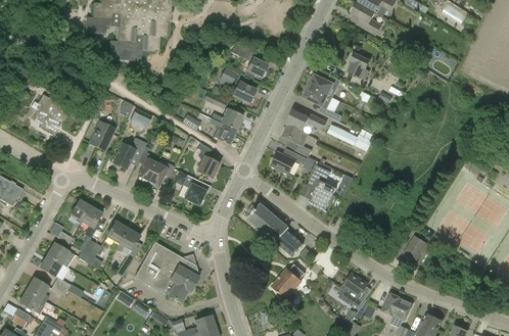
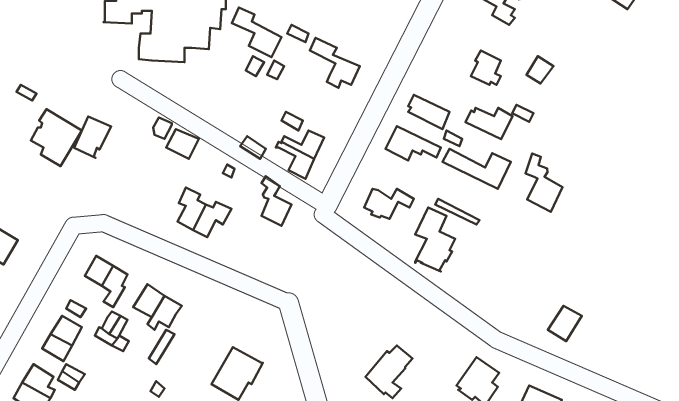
building: [220,68,256,104] -> [232,7,282,57]
building: [307,75,340,97] -> [466,108,513,139]
building: [89,122,115,151] -> [74,117,111,158]
building: [281,124,312,156] -> none
building: none -> [525,153,563,212]
building: [112,139,145,169] -> none
building: [174,171,205,205] -> none
building: [247,203,303,255] -> none
building: [135,242,197,292] -> none

